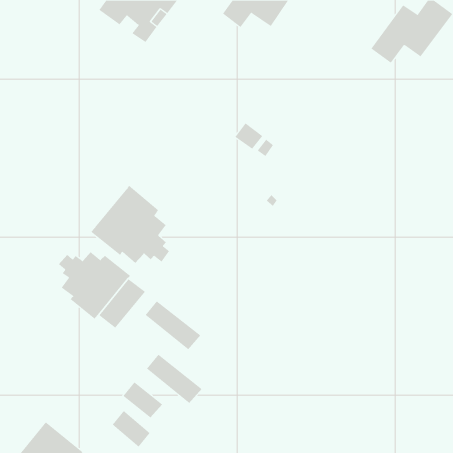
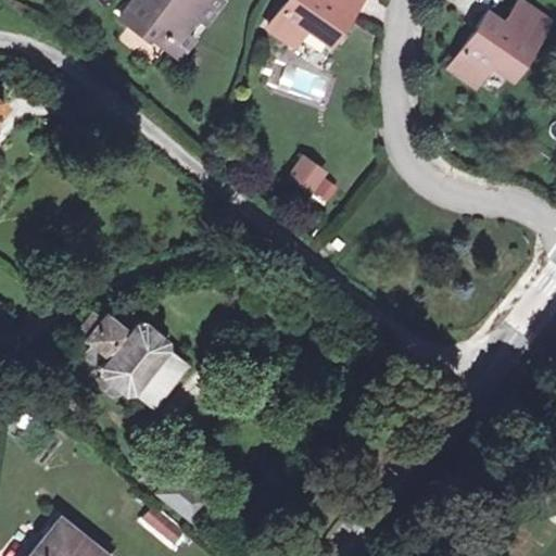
building: [91,185,170,264] -> none
building: [145,301,201,350] -> none
building: [146,354,203,404] -> none

